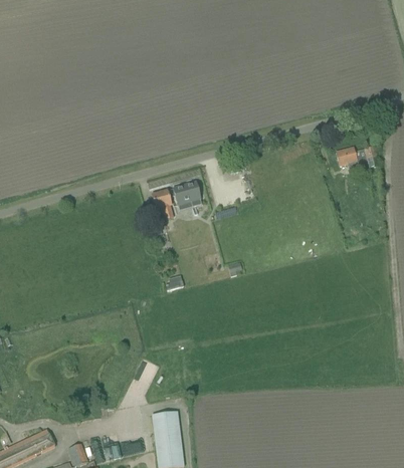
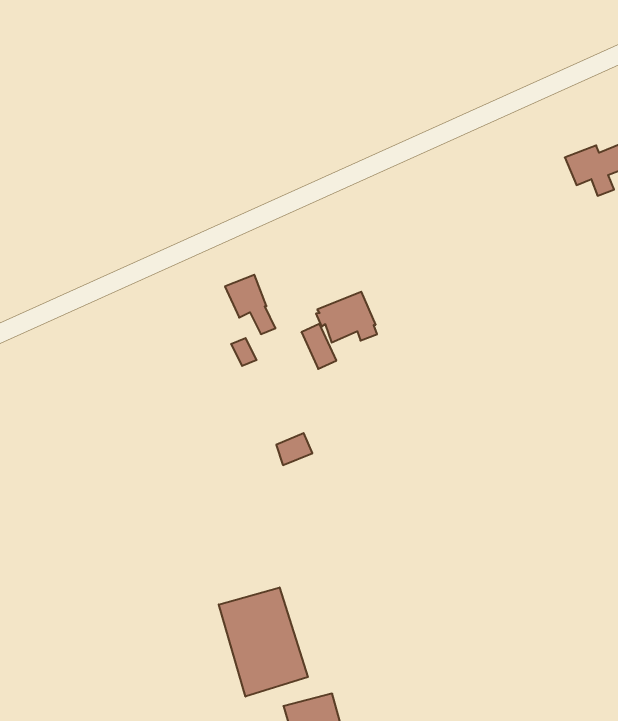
building: [171,181,201,206] -> [316,292,377,343]
building: none -> [219,587,308,697]

